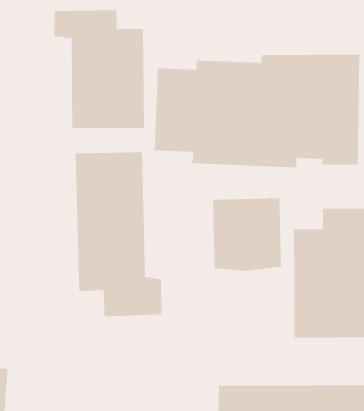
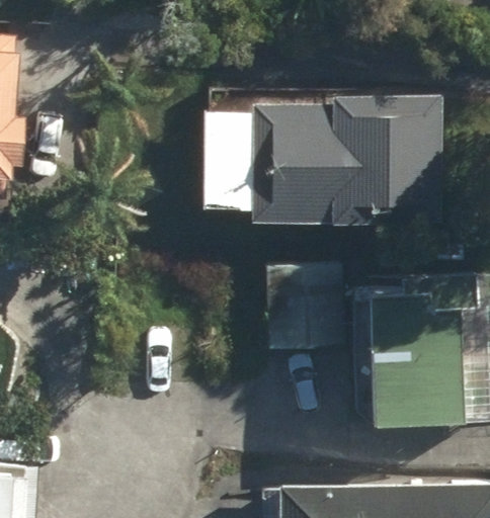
building: [54,9,144,129] -> none
building: [75,152,162,317] -> none

